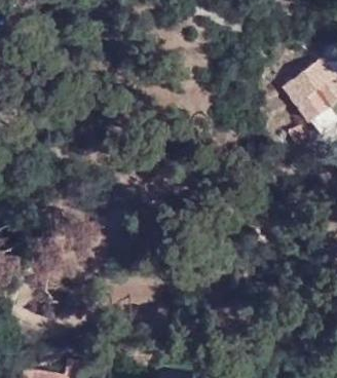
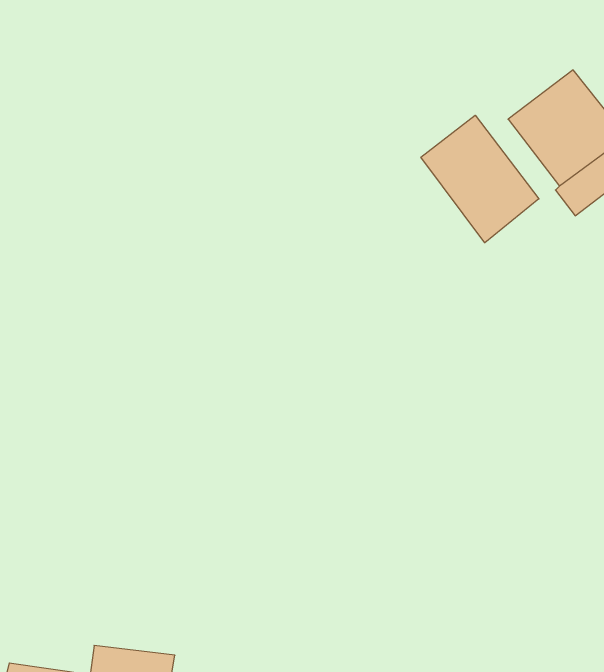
building: none -> [421,115,539,243]

